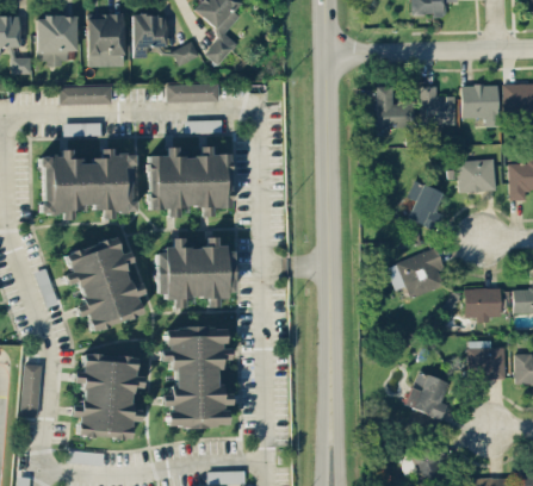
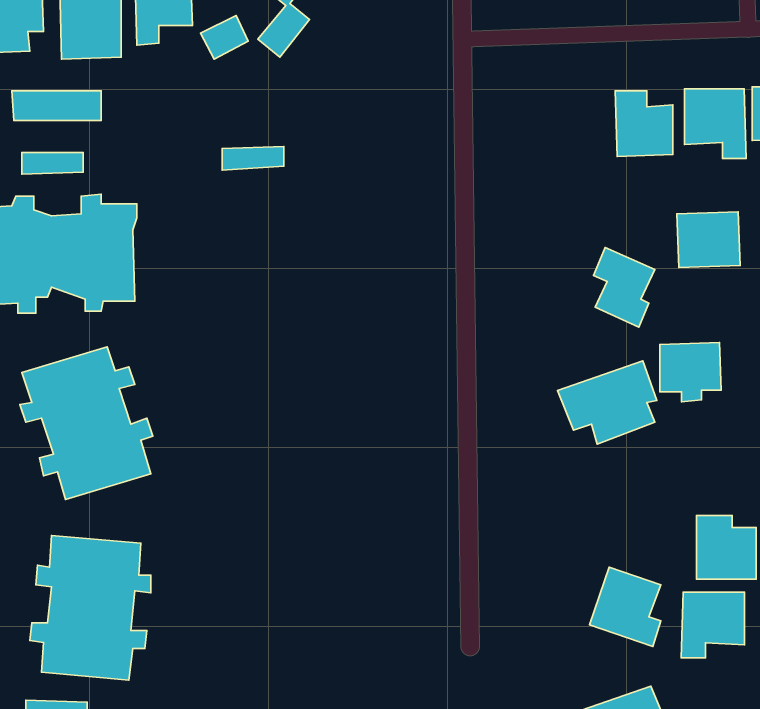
building: [167,83,219,101] -> none
building: [378,86,414,127] -> none
building: [148,145,230,217] -> none
building: [156,237,234,307] -> none
building: [465,287,502,323] -> [660,342,721,402]
building: [160,328,230,426] -> none
building: none -> [681,592,745,658]

